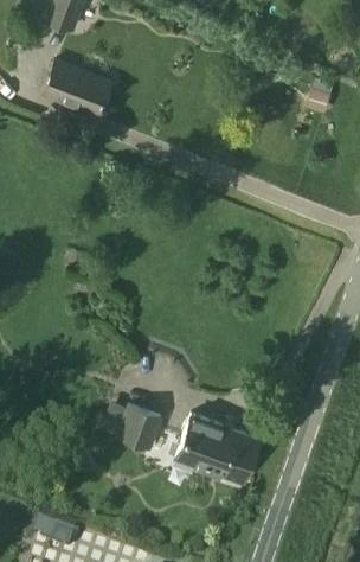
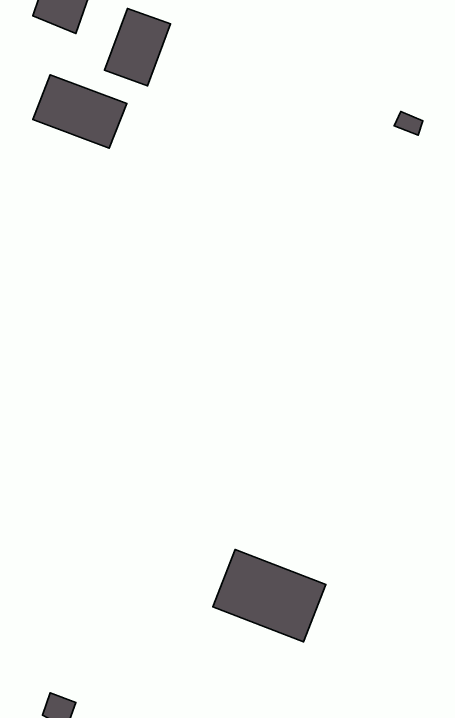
building: none -> [104,8,171,86]
building: [102,400,162,446] -> none

